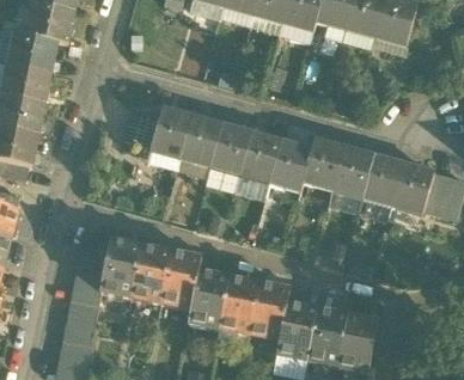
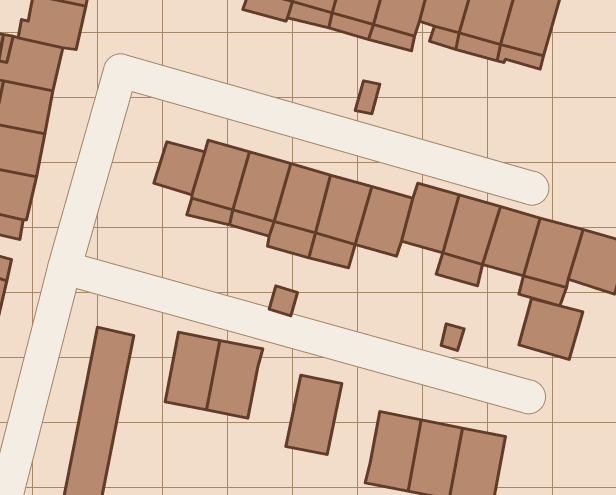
building: none -> [519,298,583,359]
building: [102,237,142,294] -> none
building: [190,269,231,326] -> none
building: [250,281,291,338] -> none

